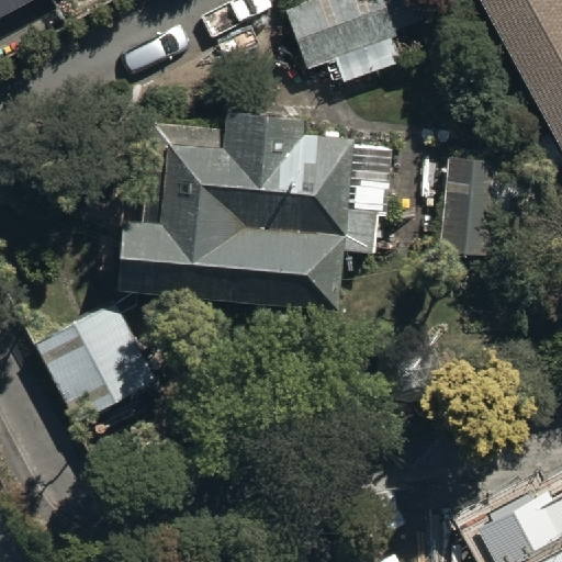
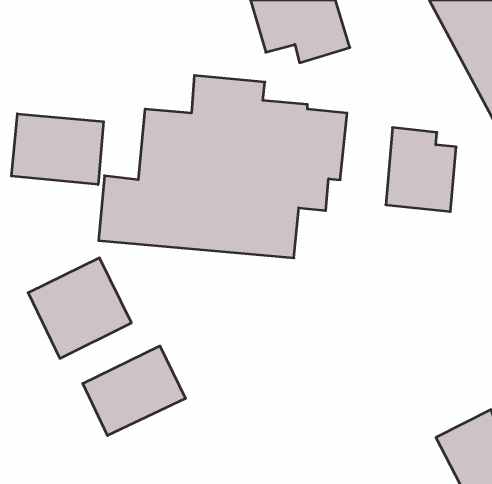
building: none -> [11,114,104,185]
building: none -> [83,346,186,436]

